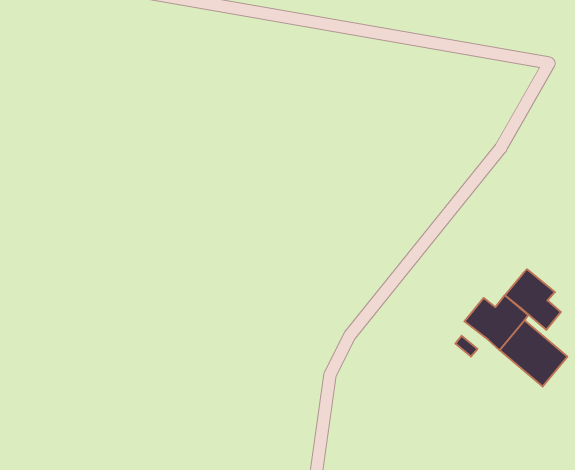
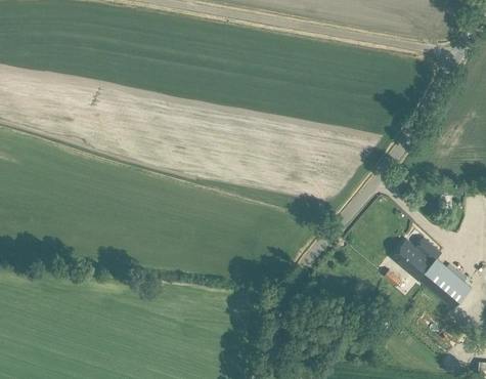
building: [505,269,561,330] -> none

